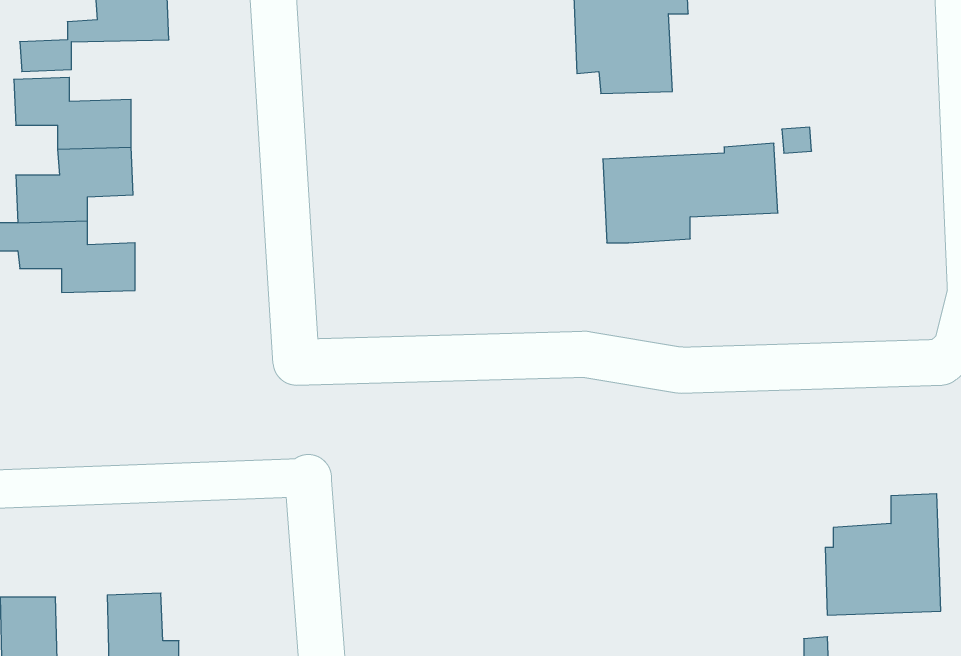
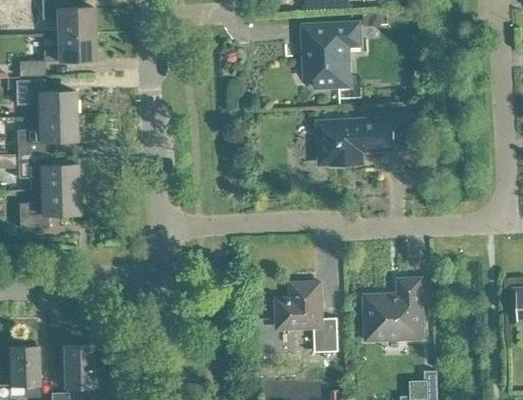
building: none -> [18,189,79,228]
building: none -> [276,282,339,352]
building: [825,494,941,615] -> [365,278,424,340]

